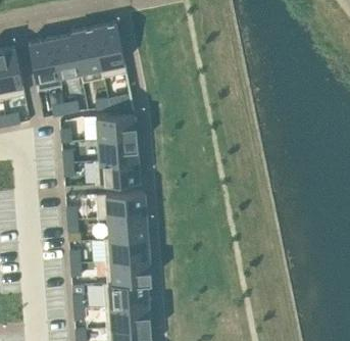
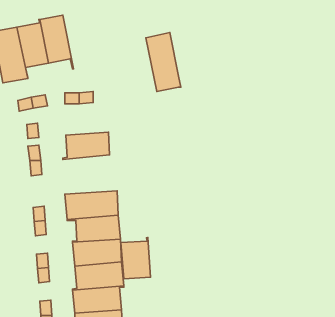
building: [94,22,127,78] -> [146,32,181,91]
building: [95,114,137,140] -> none
building: [94,158,140,185] -> none
building: none -> [121,238,150,279]

